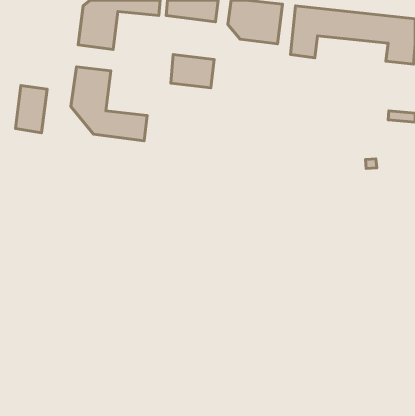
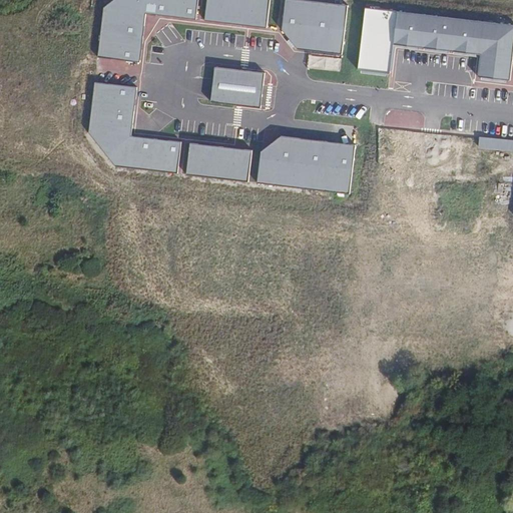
building: [15,85,47,133] -> none
building: none -> [258,136,354,192]
building: none -> [185,142,251,181]

